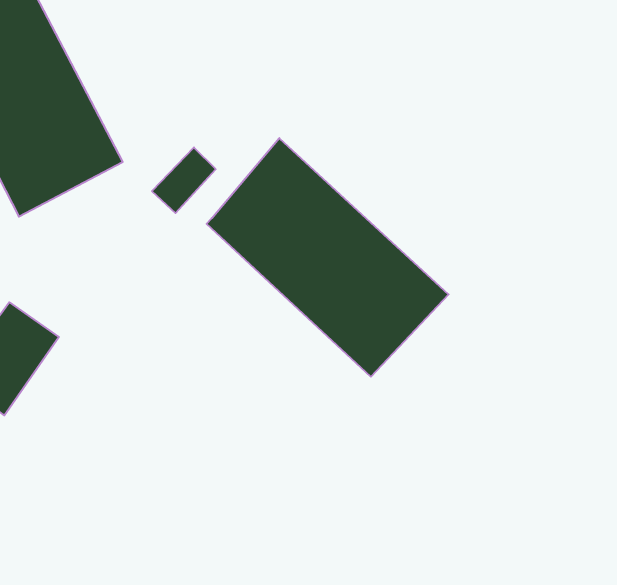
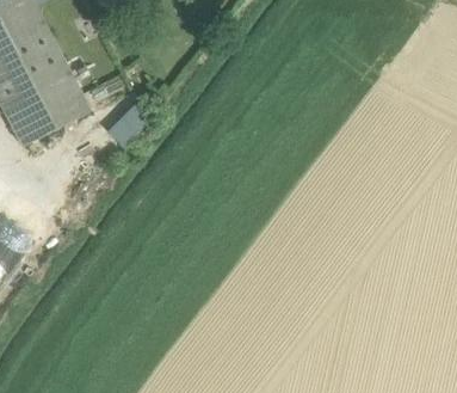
building: [207,138,449,377] -> none

